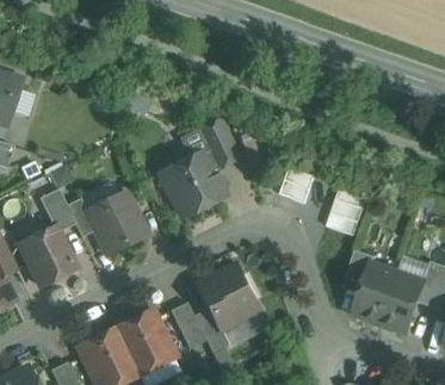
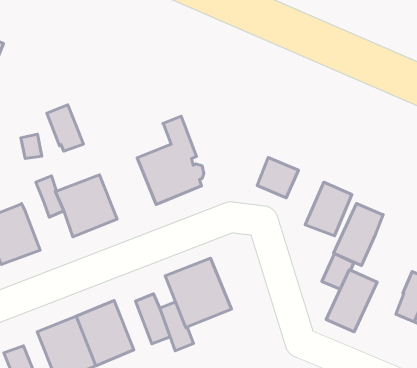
building: [198,119,239,168] -> none
building: [39,188,76,232] -> [47,105,83,151]
building: [381,273,425,331] -> [334,204,383,266]

